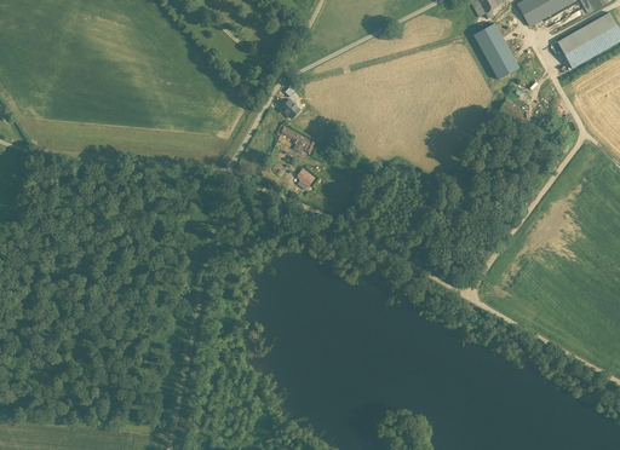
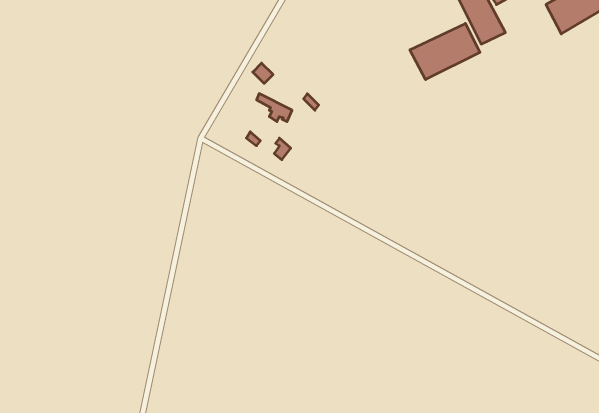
building: none -> [410,23,480,80]

